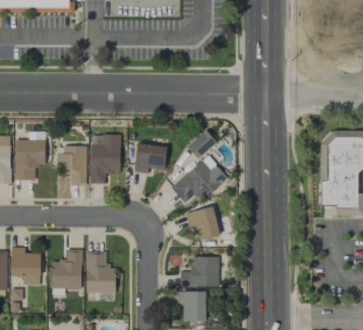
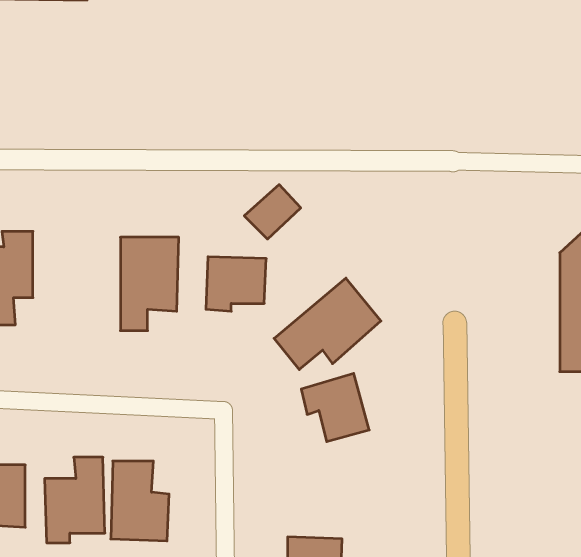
building: [186,129,216,157] -> [244,185,301,239]
building: [58,145,86,184] -> none
building: [180,256,219,286] -> none

